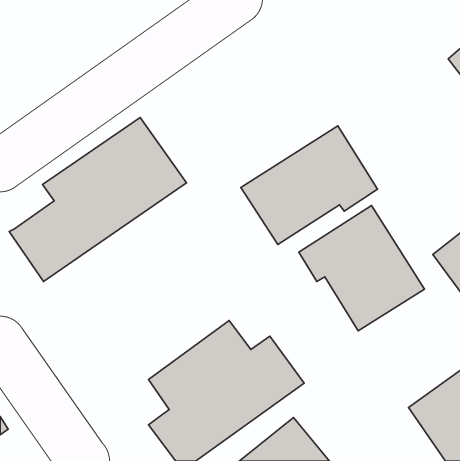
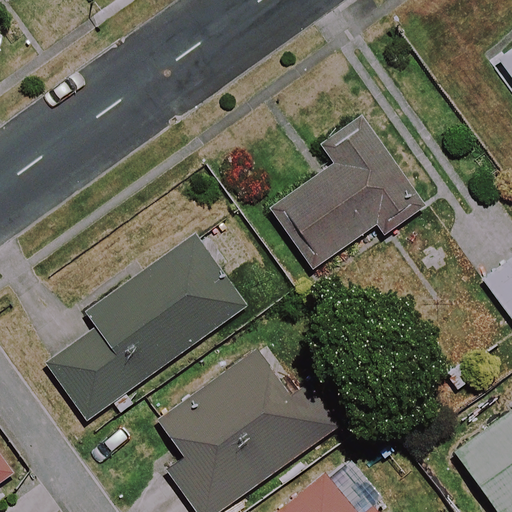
building: [9,117,187,281] -> [49,237,245,418]
building: [299,206,425,331] -> none

